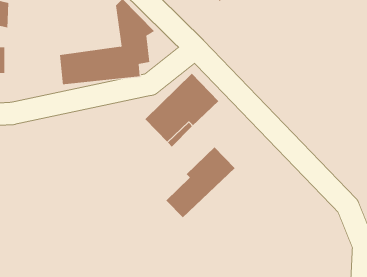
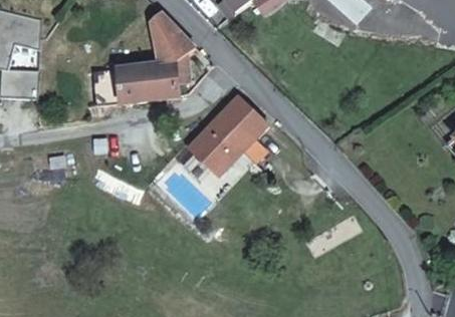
building: [165,146,235,218] -> none

